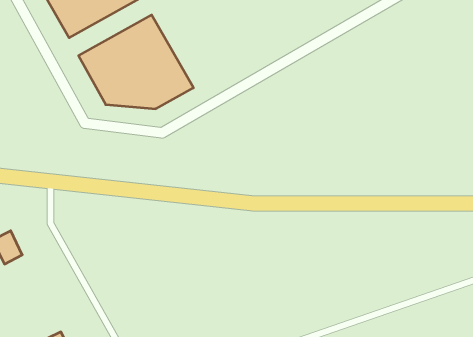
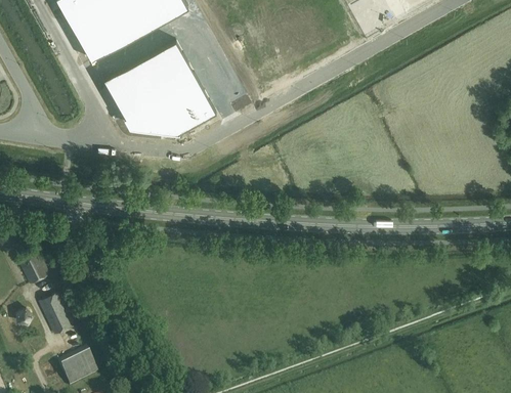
building: none -> [38,293,74,337]

